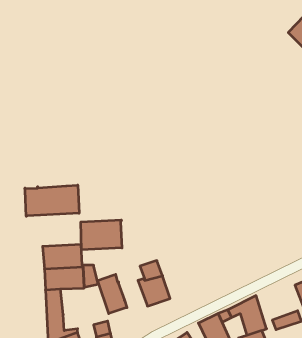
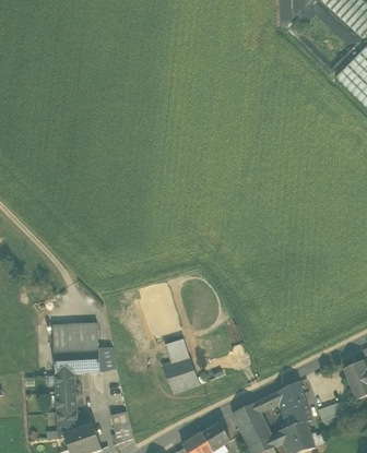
building: [25,185,79,216] -> none
building: [81,220,122,250] -> none
building: [97,274,127,314] -> none

